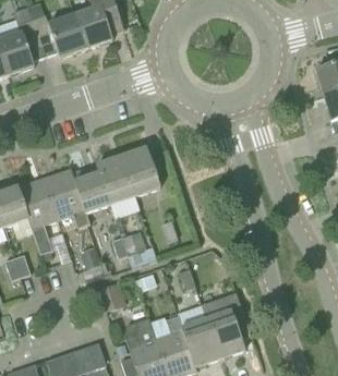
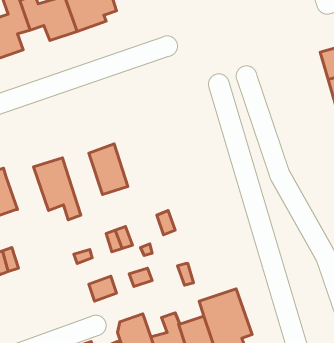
building: [120,146,159,195] -> none
building: [72,163,109,211] -> none
building: [17,177,58,253] -> none

